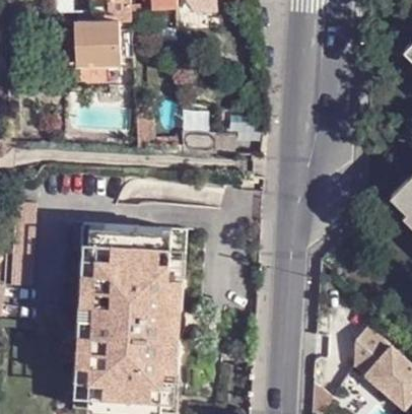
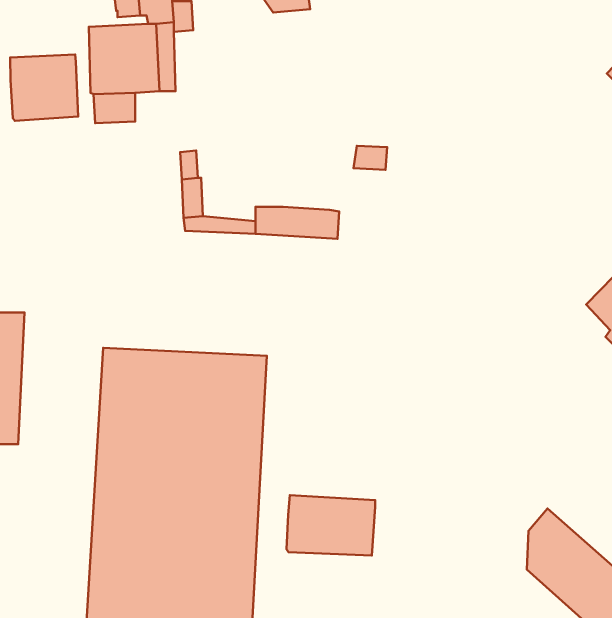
building: none -> [10,54,78,121]
building: none -> [287,495,375,556]

